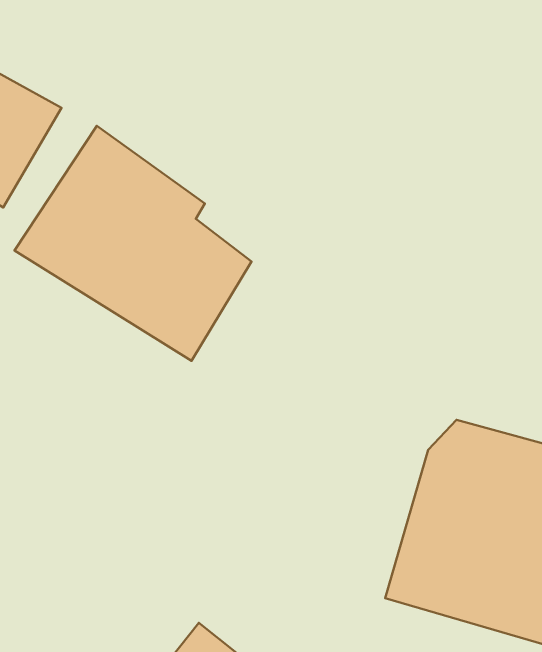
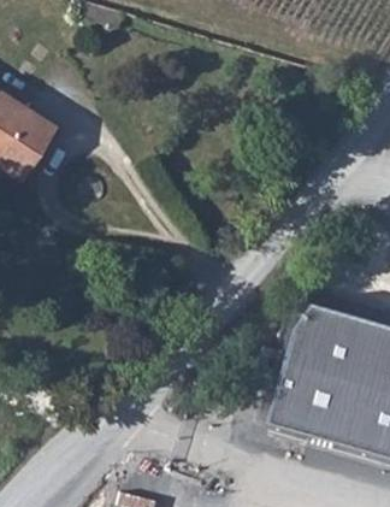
building: [15,126,251,361] -> none

